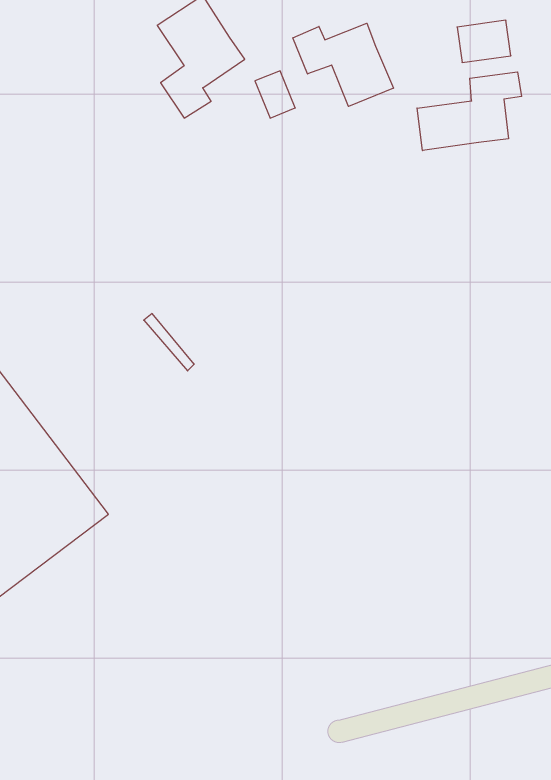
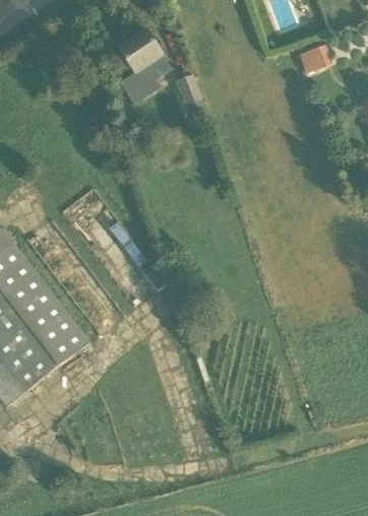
building: [293,23,393,106] -> none
building: [417,72,522,151] -> none

